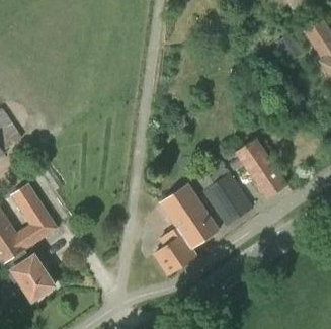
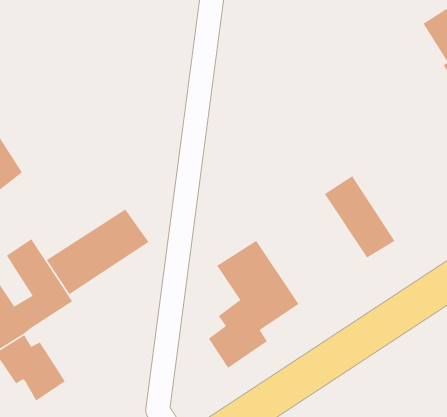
building: none -> [46,208,149,295]
building: [203,174,252,225] -> none

